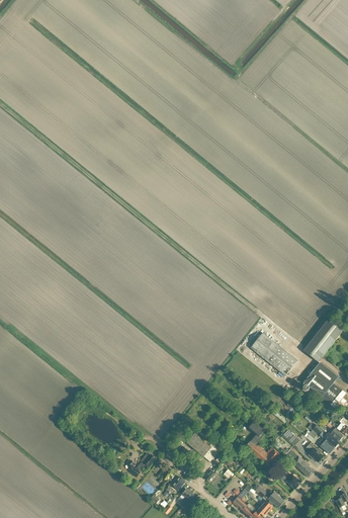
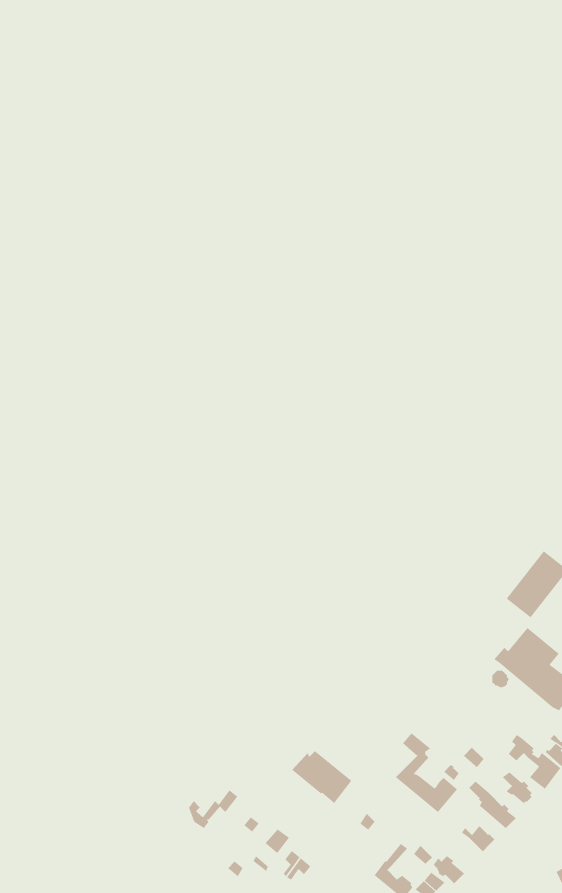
building: [250,332,297,375] -> none

